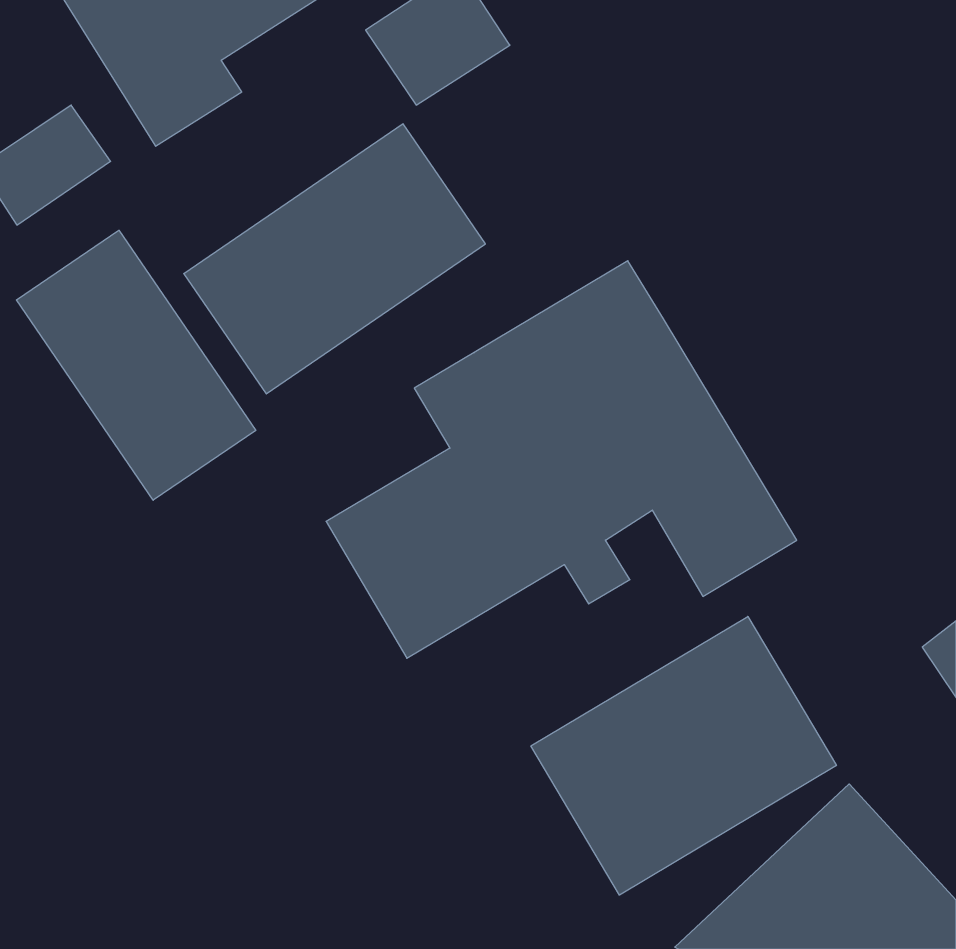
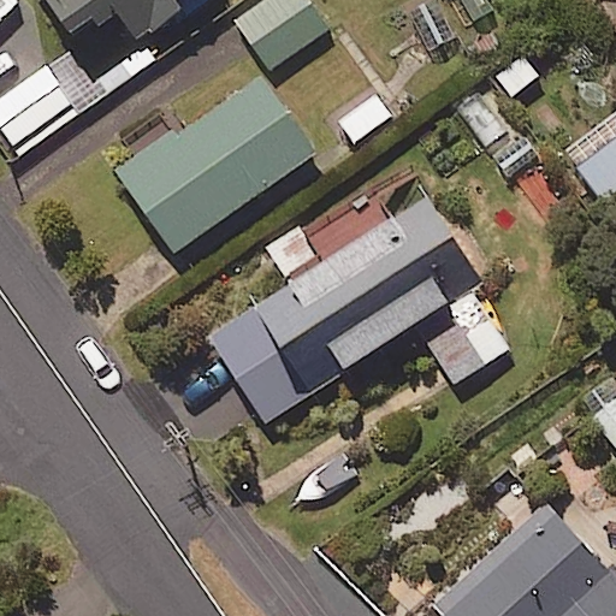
building: [16,230,256,500] -> none
building: [531,616,836,895] -> none

